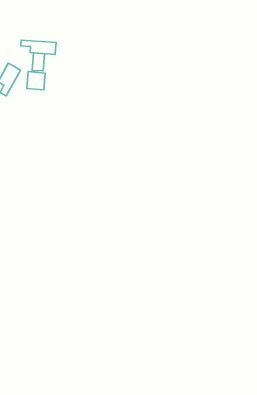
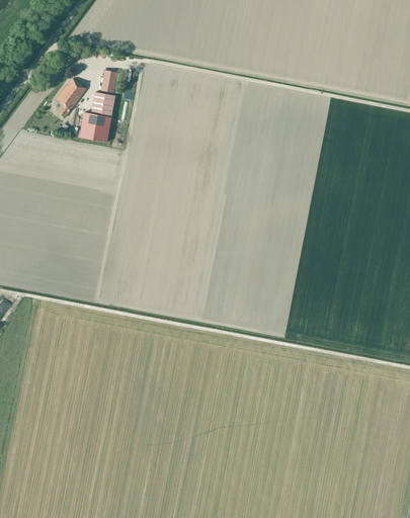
building: [21,40,56,54] -> none
building: none -> [85,112,115,144]

